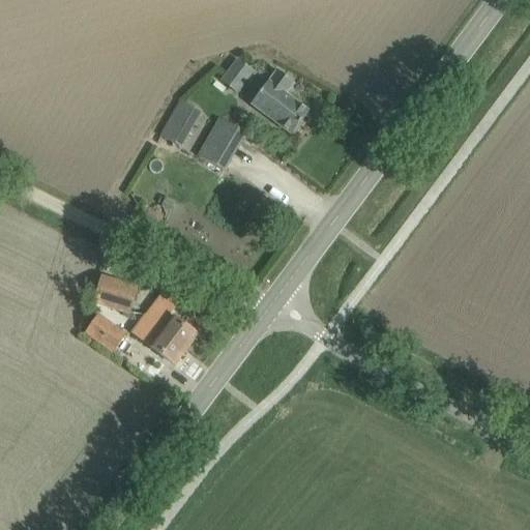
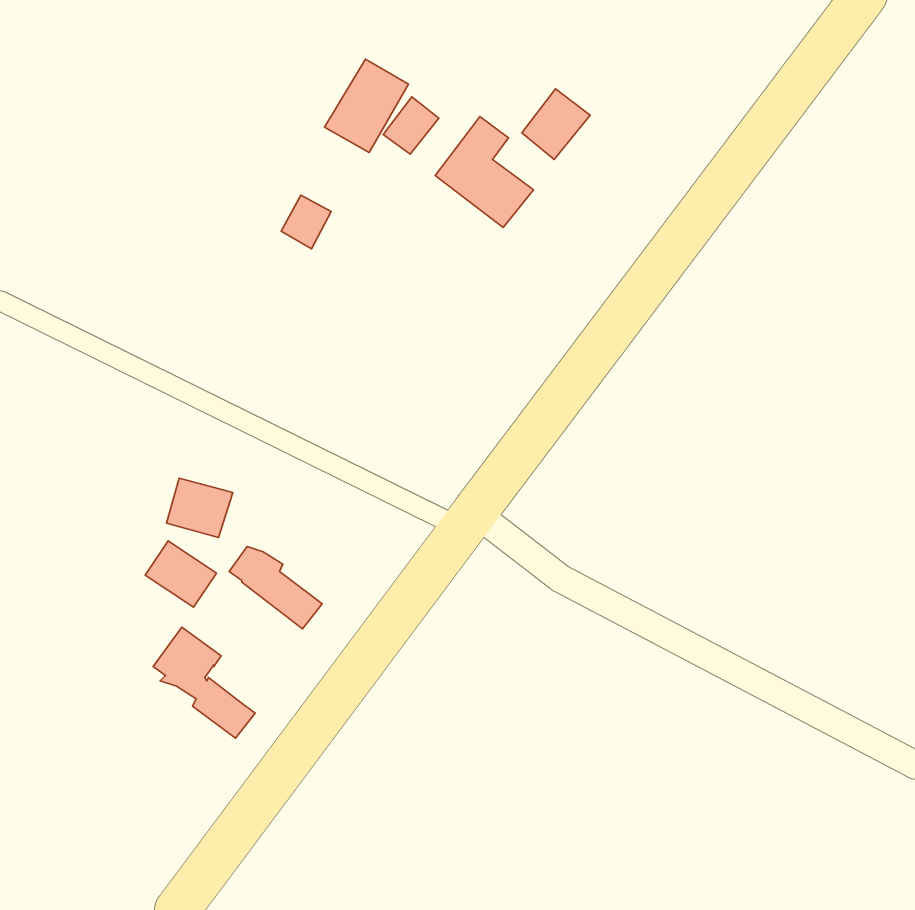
building: none -> [522,89,590,160]
building: [198,115,246,169] -> [324,59,409,152]
building: [139,285,198,349] -> [153,627,255,738]

